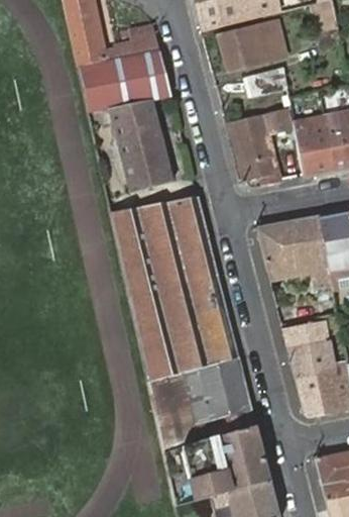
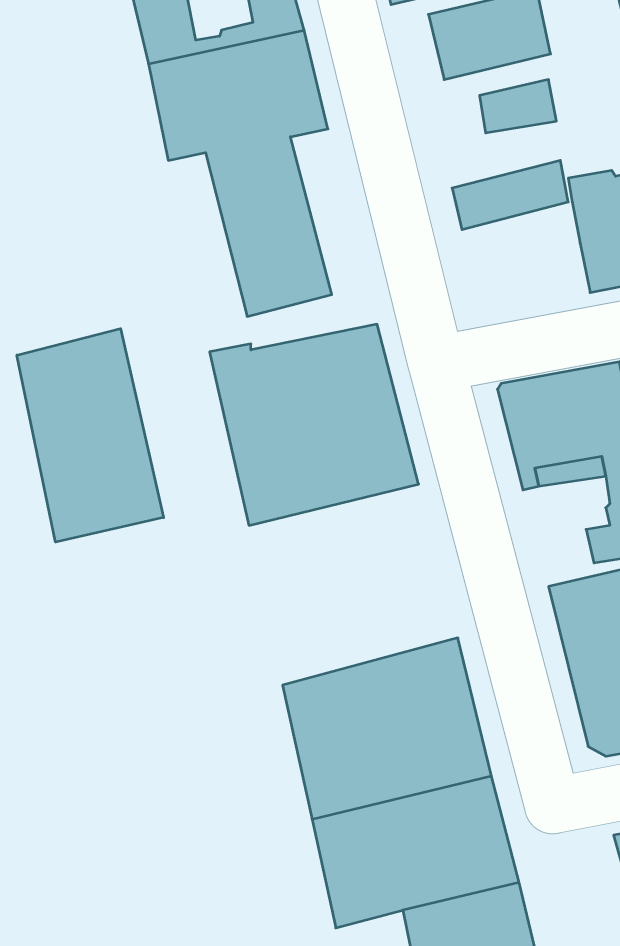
building: [239,132,300,186] -> none
building: none -> [17,329,164,542]
building: [130,277,237,380] -> none

